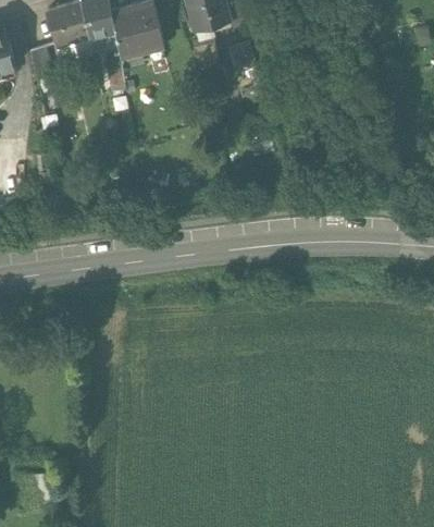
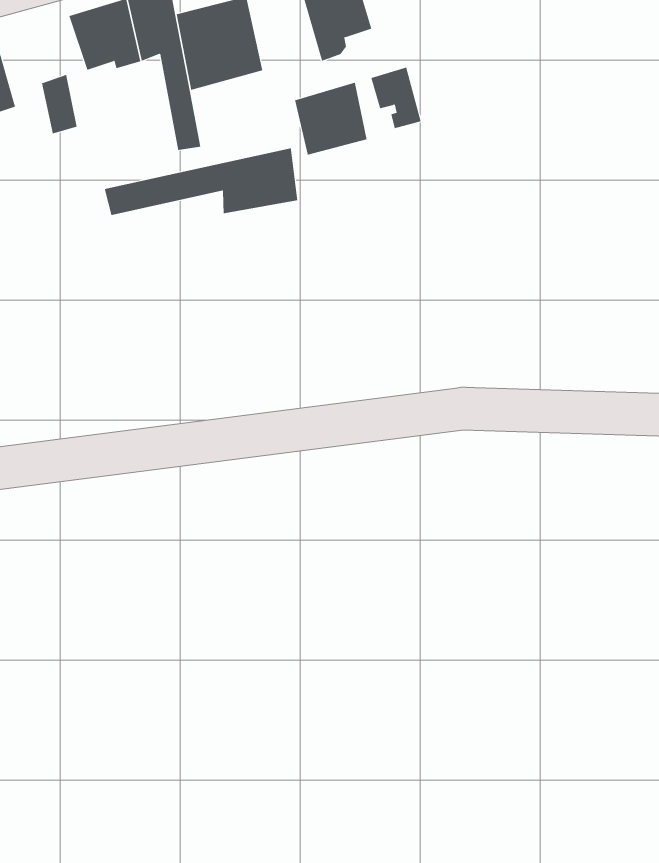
building: none -> [295,82,367,156]
building: none -> [104,147,298,216]

